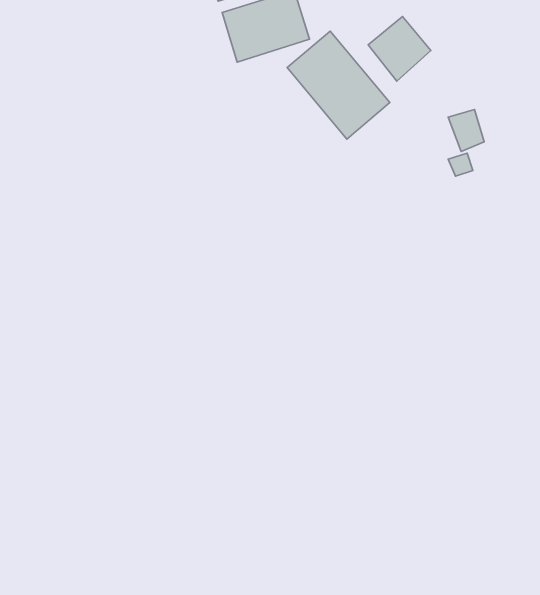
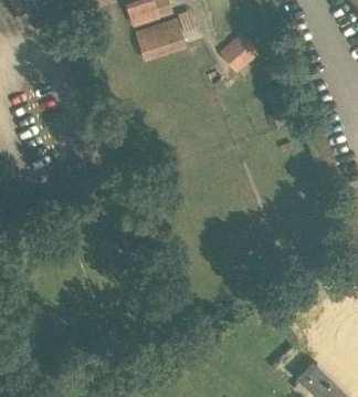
building: [287,31,390,139] -> none

